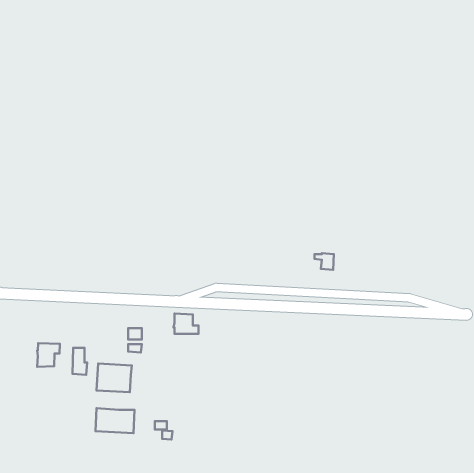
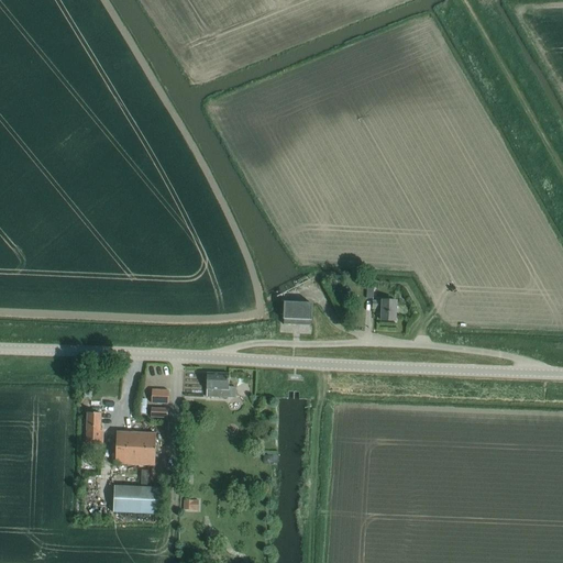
building: none -> [283,301,312,324]
building: [37,343,60,367] -> none

